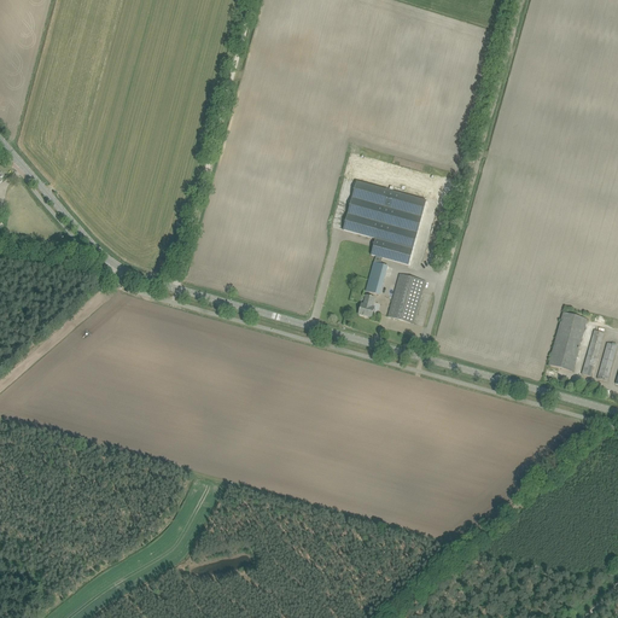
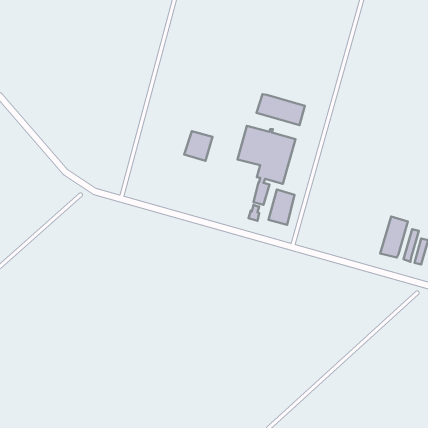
building: none -> [256,94,305,125]
building: none -> [184,131,212,161]

